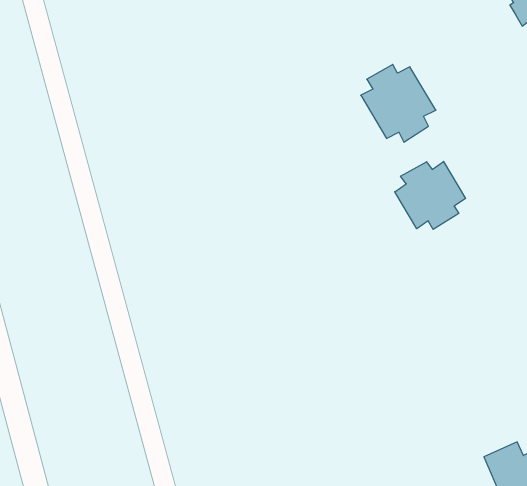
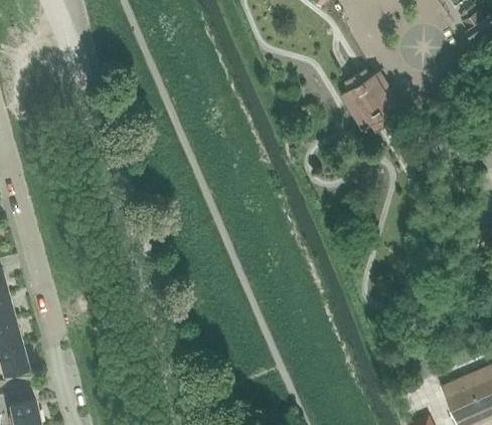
building: [395,161,466,229] -> none

